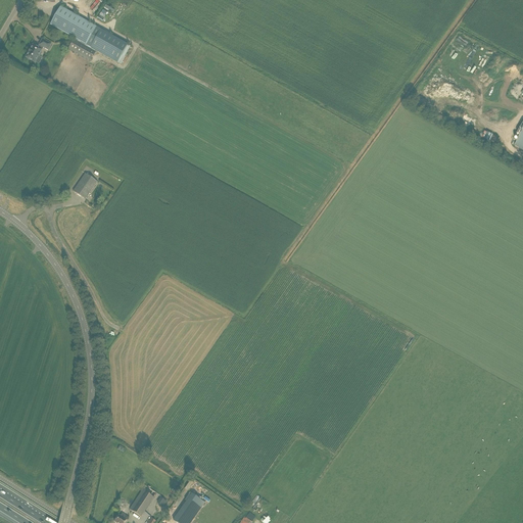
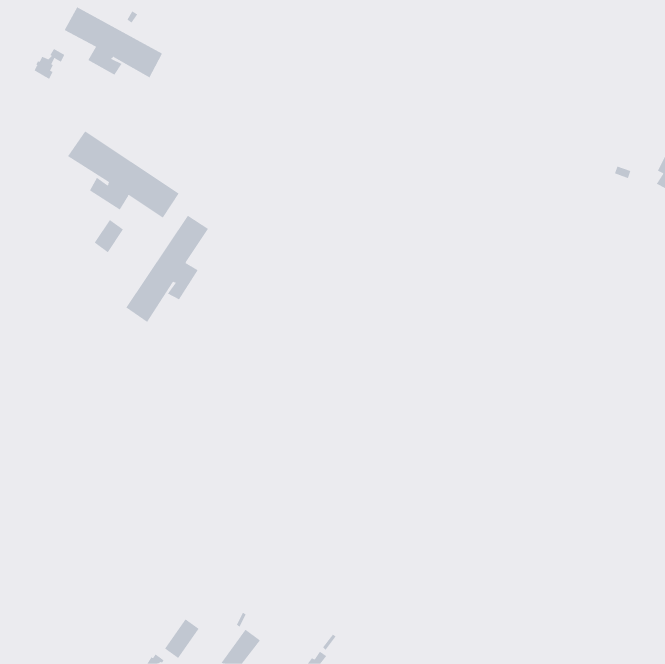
building: none -> [67,130,179,219]
building: none -> [126,215,209,323]

